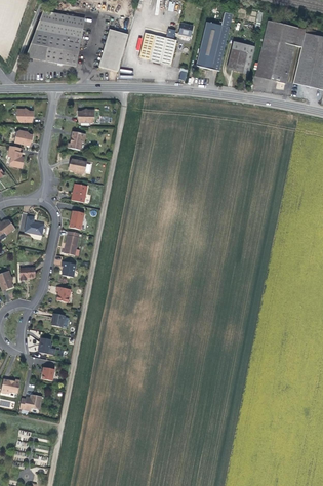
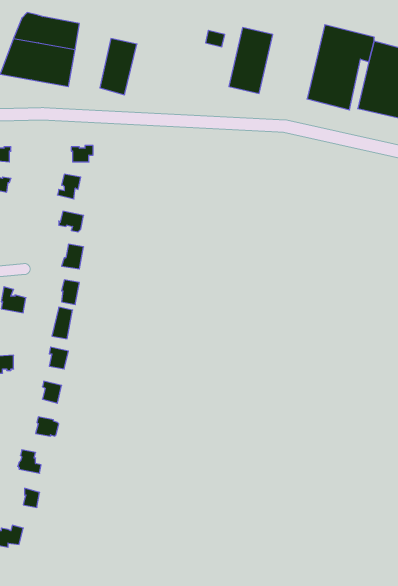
building: [150,35,176,66] -> none
building: [228,42,255,74] -> none

